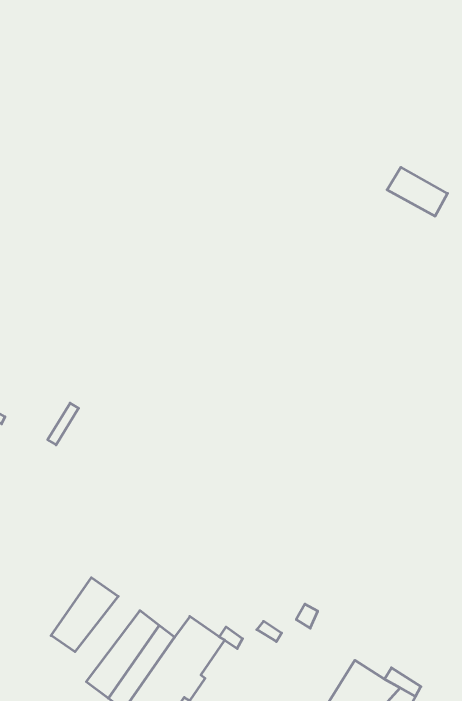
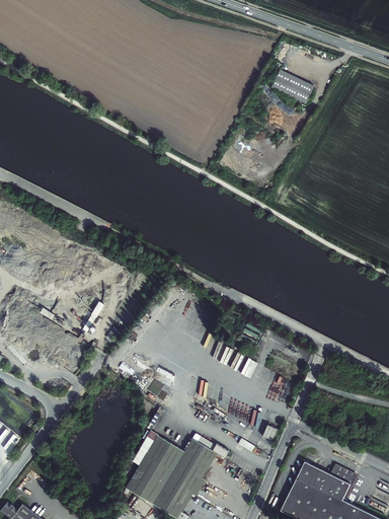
building: [387,167,448,216] -> [274,71,315,102]
building: [51,578,118,652] -> none

